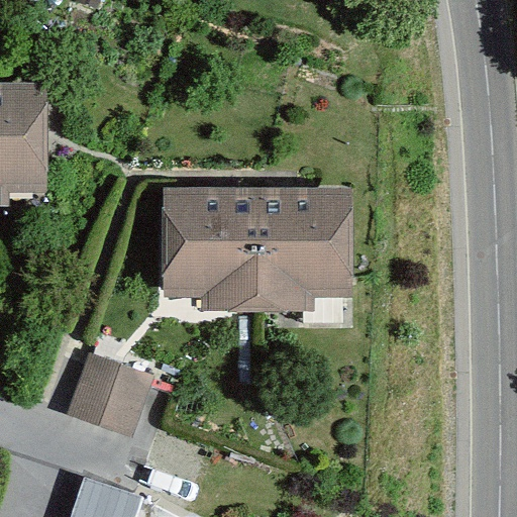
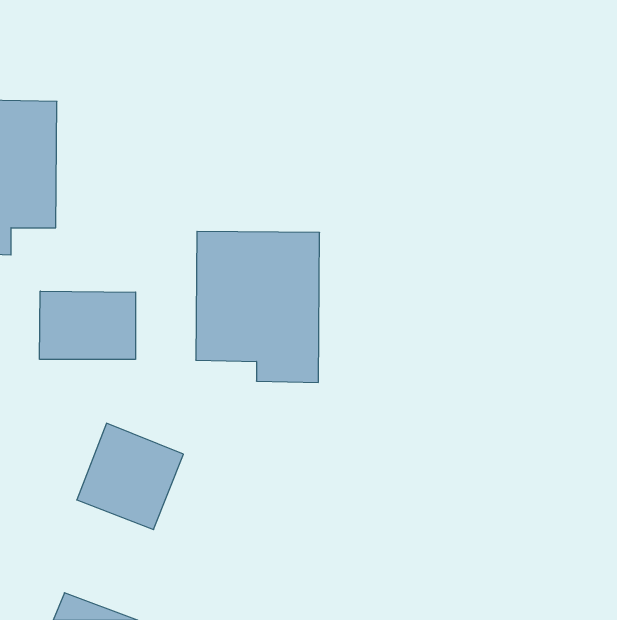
building: [260,190,360,312] -> none
building: none -> [40,291,136,359]

